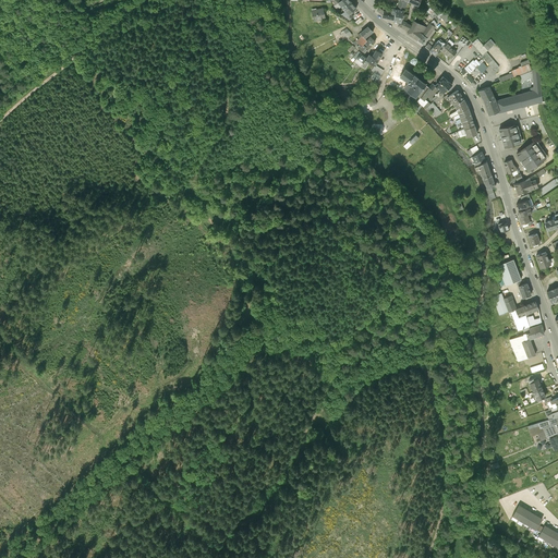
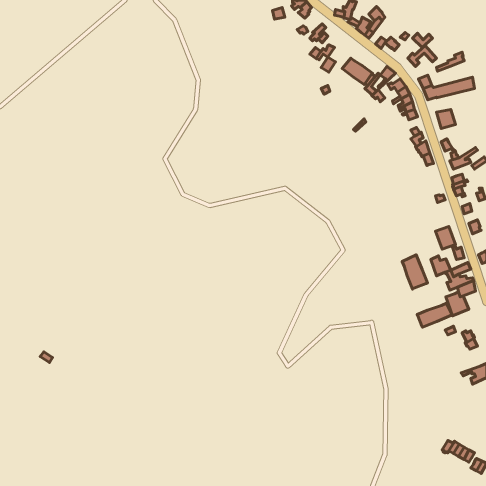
building: [518,141,547,170] -> none
building: none -> [402,255,428,289]
building: none -> [417,303,452,327]

